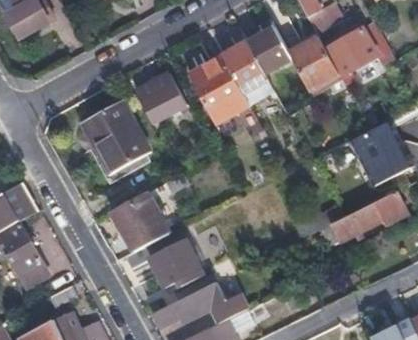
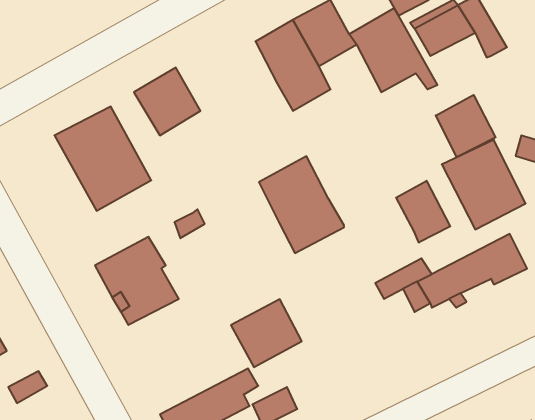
building: [188,56,247,123] -> [259,156,344,253]
building: none -> [436,95,496,157]
building: none -> [396,181,450,243]
building: [151,239,200,286] -> [231,299,302,367]

